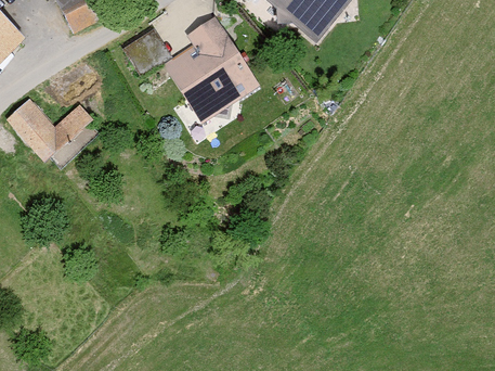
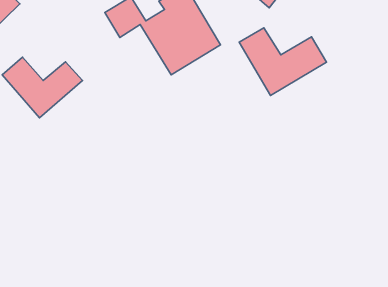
building: none -> [239,28,327,95]

